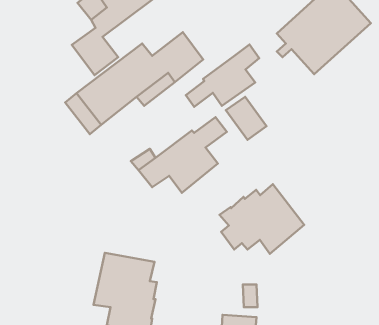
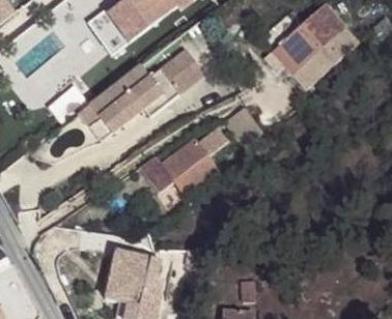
building: [186,44,259,107] -> none
building: [220,184,304,254] -> none

